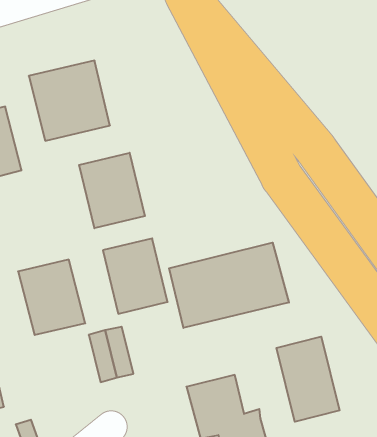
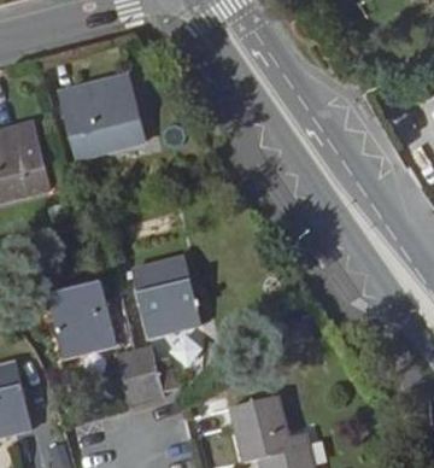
building: [79,153,145,228] -> none
building: [169,243,289,328] -> none
building: [276,337,340,422] -> none

